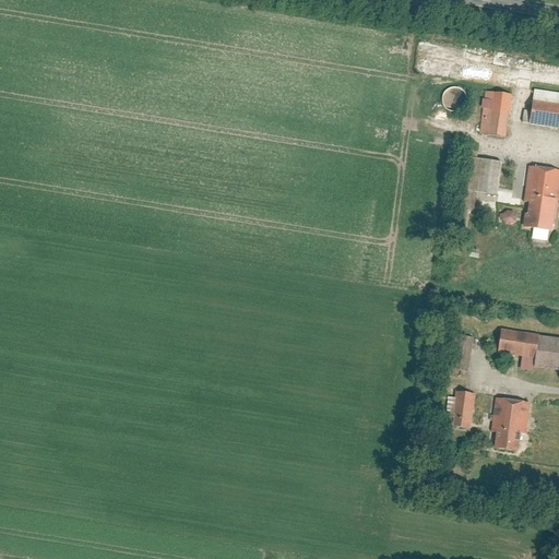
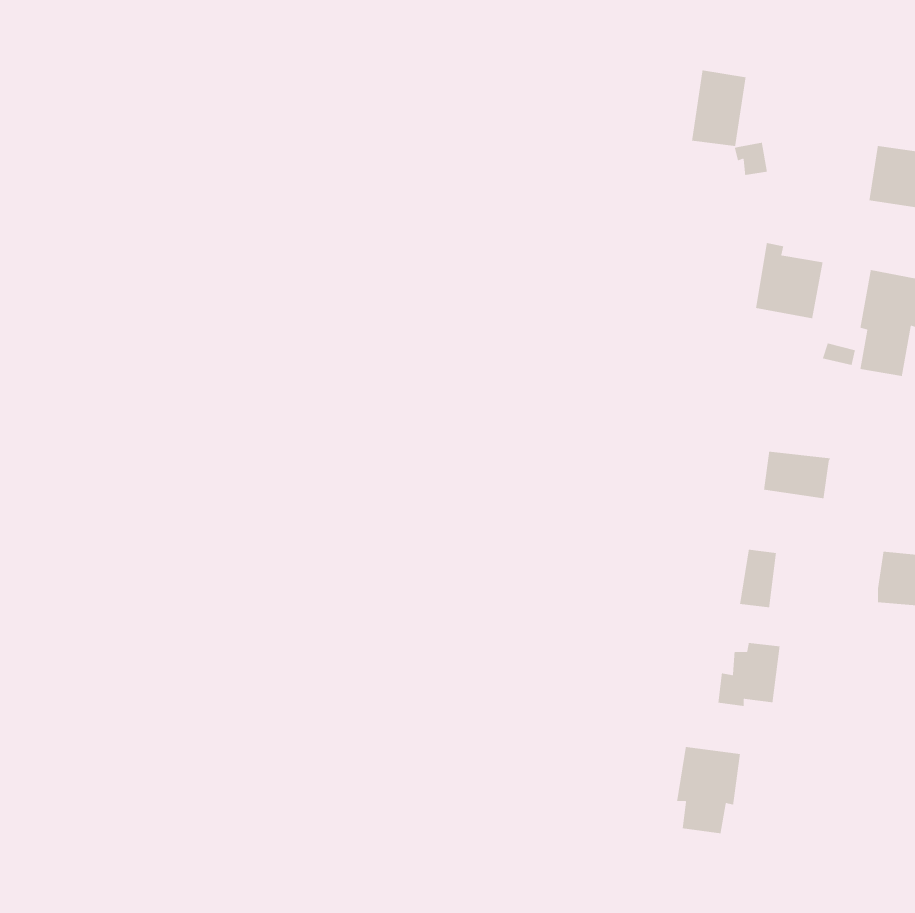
building: [478,88,512,135] -> [691,70,747,147]
building: [498,329,539,358] -> [763,451,831,499]
building: [491,397,531,451] -> [676,746,741,834]

